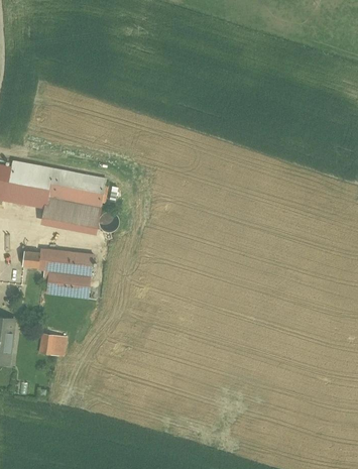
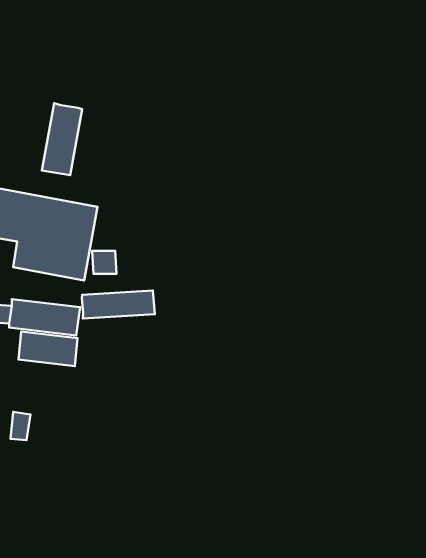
building: none -> [42,103,82,175]
building: none -> [82,291,155,318]

